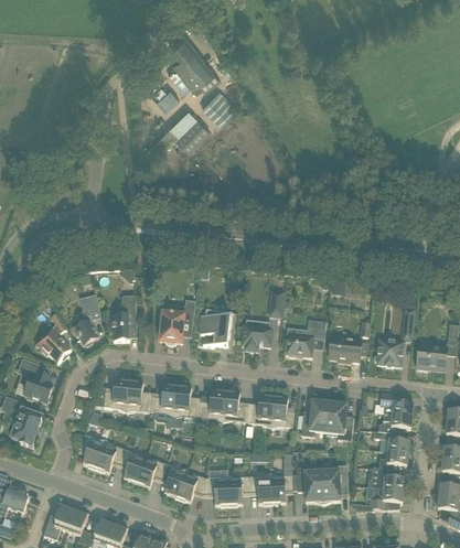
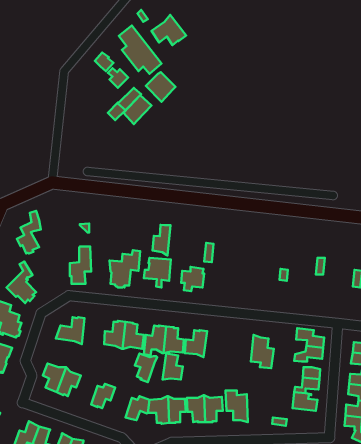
building: none -> [152,15,186,45]
building: none -> [153,225,171,256]
building: [72,293,100,344] -> [17,211,41,254]
building: [285,319,325,355] -> none
building: [328,335,361,361] -> none
building: [373,337,403,365] -> none
building: [416,344,447,368] -> none
building: [125,379,150,410] -> none
building: [269,395,293,426] -> [162,354,183,380]
building: [300,399,329,436] -> none
building: [120,448,143,482] -> none
building: [161,463,188,497] -> [135,353,157,382]
building: [321,463,347,503] -> none
building: [370,486,403,508] -> none

